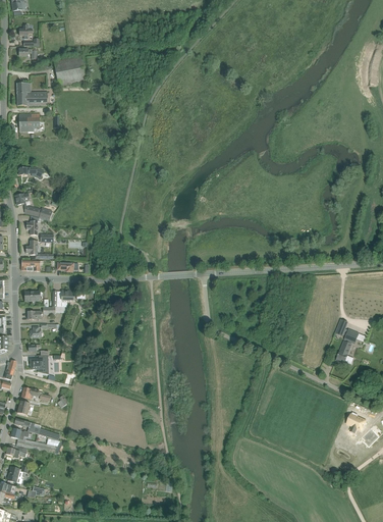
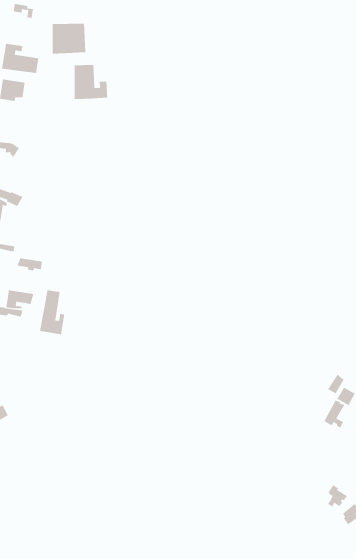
building: none -> [74,64,108,100]
building: none -> [40,290,65,335]

